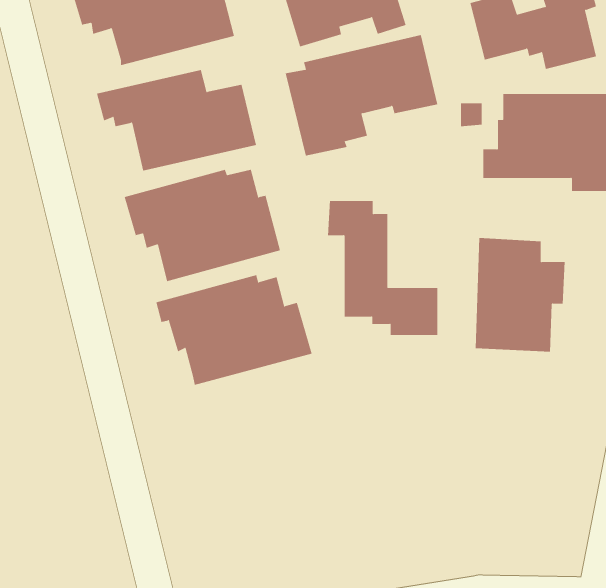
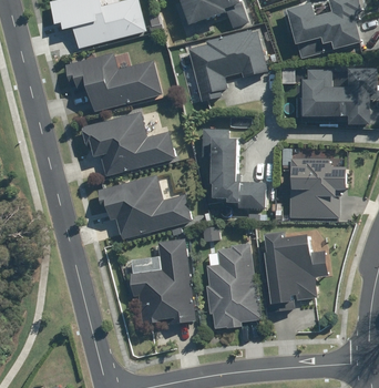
building: none -> [266,233,326,309]
building: none -> [129,237,195,323]
building: none -> [205,242,259,328]

